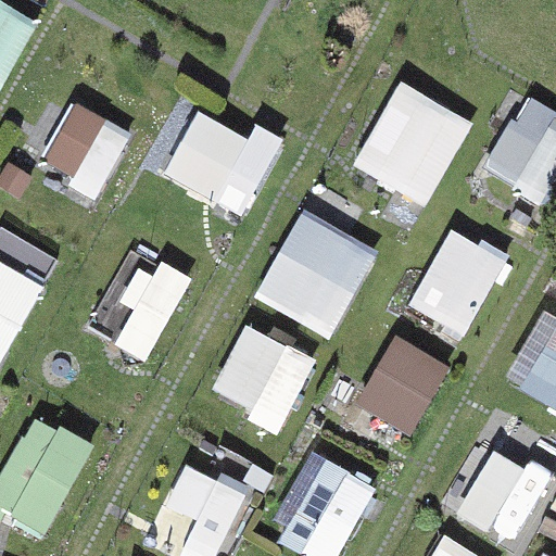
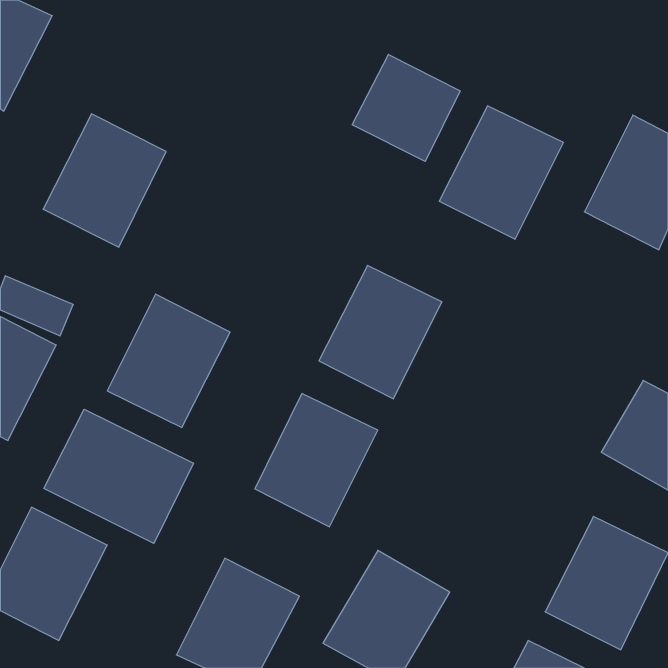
building: none -> [352,54,460,161]
building: [175,111,277,222] -> none
building: [404,229,506,340] -> none
building: [349,331,451,442] -> none
building: none -> [44,409,193,543]

